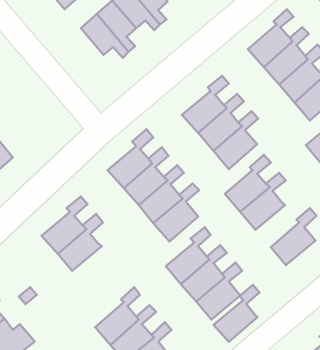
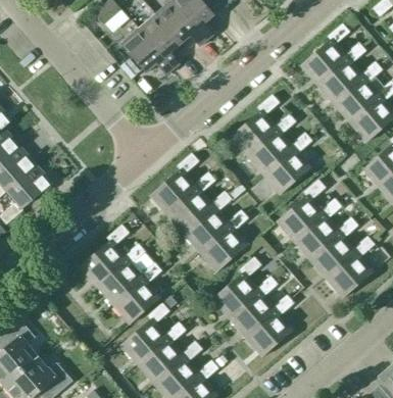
building: none -> [112,263,161,325]
building: none -> [120,304,168,365]
building: [214,285,259,342] -> [308,218,357,280]

